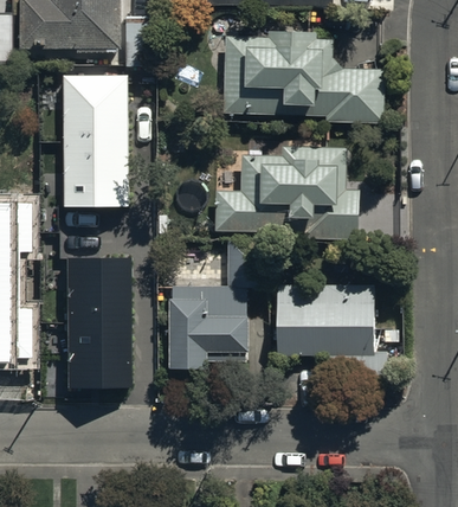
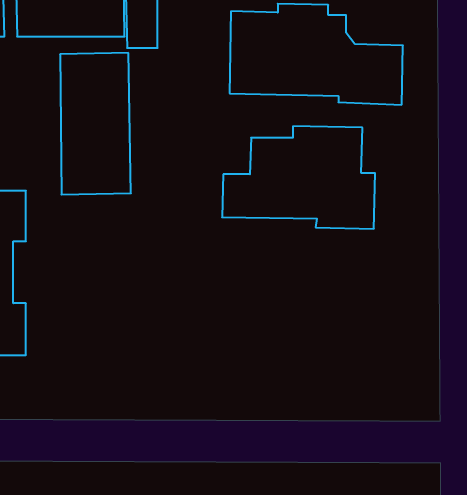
building: [168,242,267,371] -> none
building: [66,258,131,389] -> none
building: [270,285,381,385] -> none

